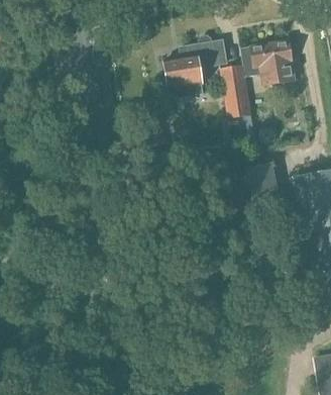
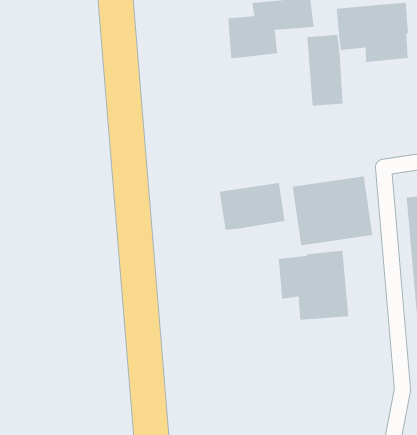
building: none -> [219,182,285,230]
building: none -> [278,250,349,321]

